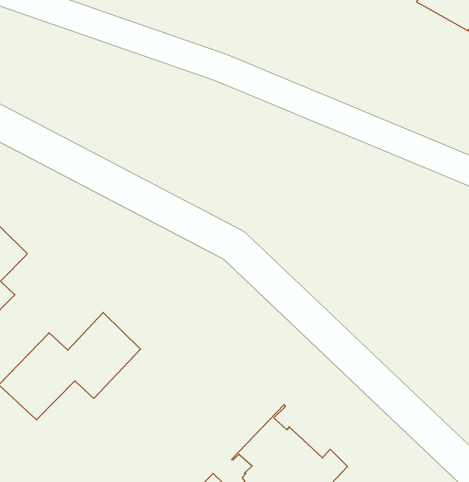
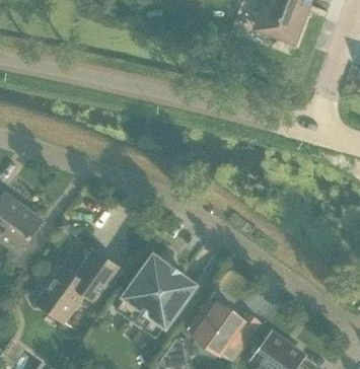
building: none -> [117,256,195,339]

